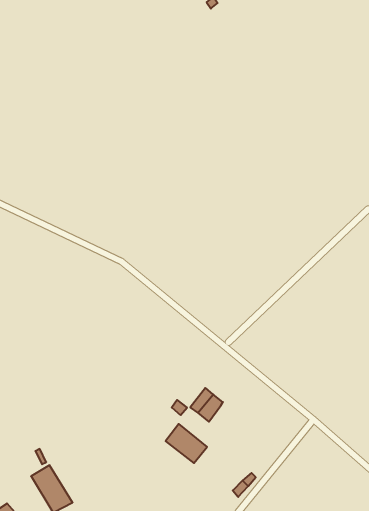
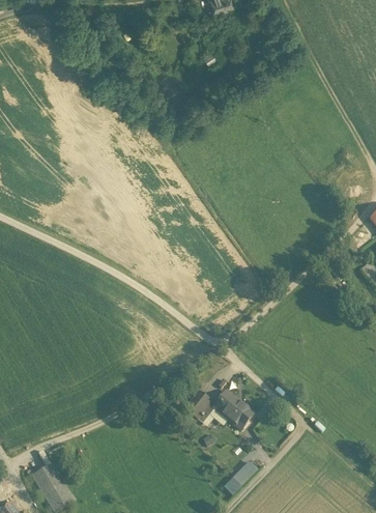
building: [166,424,207,463] -> [213,390,253,427]

